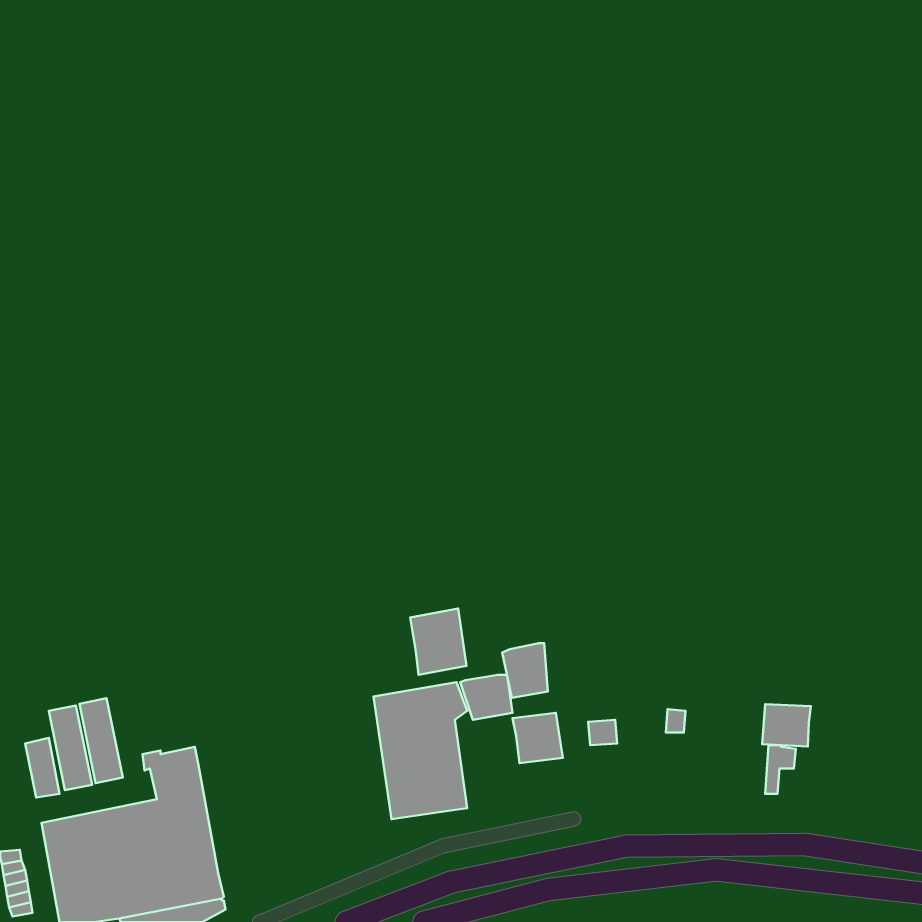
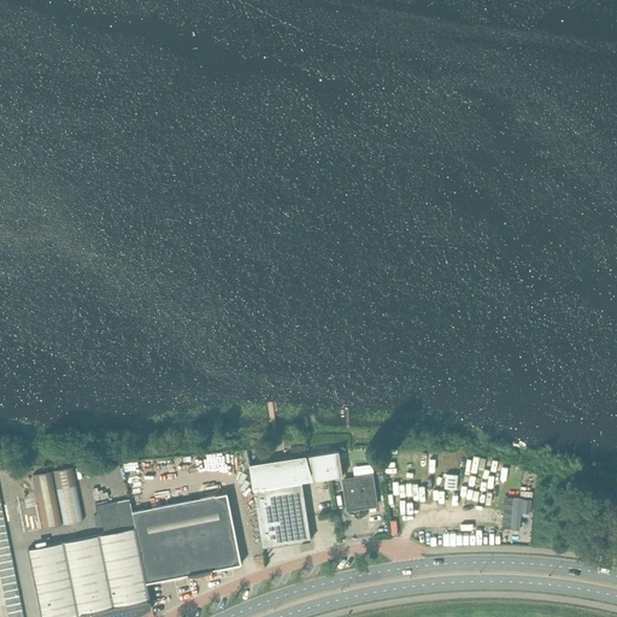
building: [410,608,467,675] -> none
building: [502,643,548,698] -> none
building: [762,704,811,746] -> none
building: none -> [133,493,241,583]

